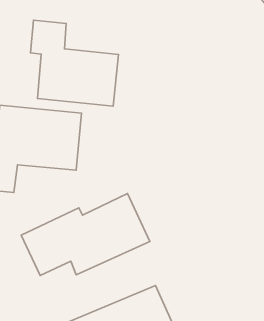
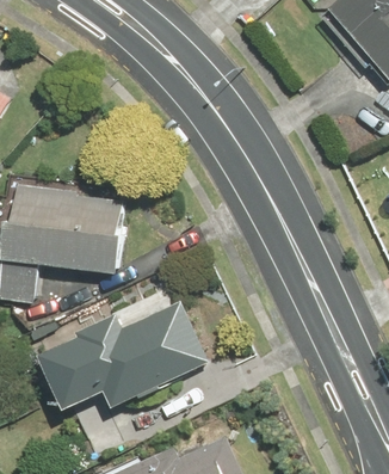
building: [30,20,119,106] -> none

